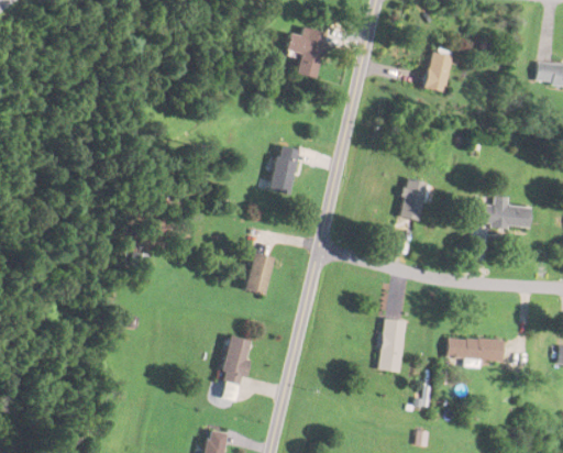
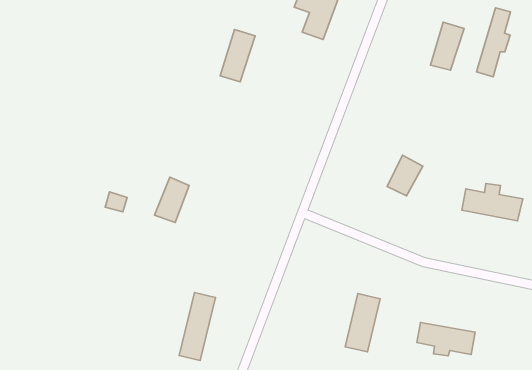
building: none -> [476,8,510,77]
building: [271,144,299,194] -> [220,30,255,82]
building: [244,251,274,294] -> [154,177,189,223]

